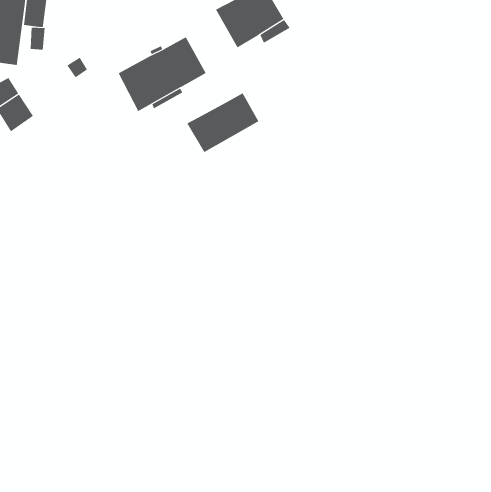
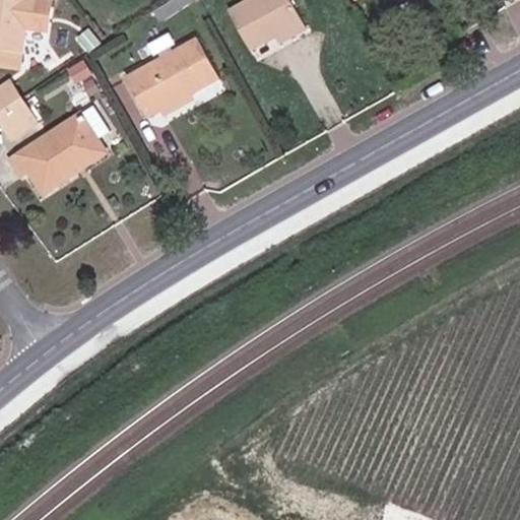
building: [187,93,259,153] -> none
building: none -> [8,104,116,194]

